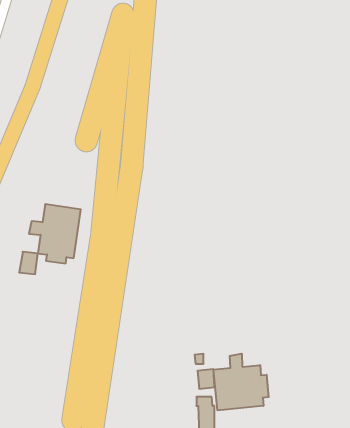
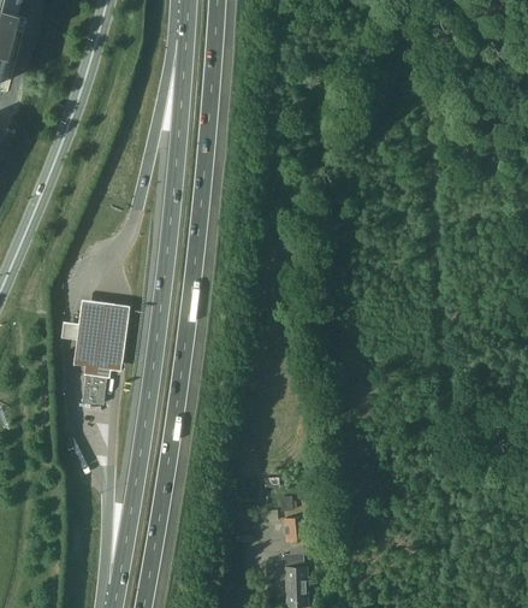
building: [19,252,38,274] -> [83,378,108,408]
building: [213,354,269,410] -> none

